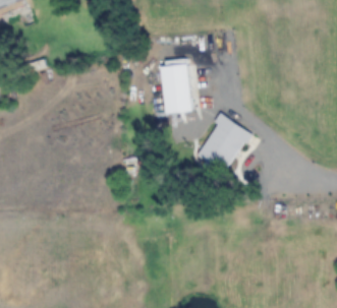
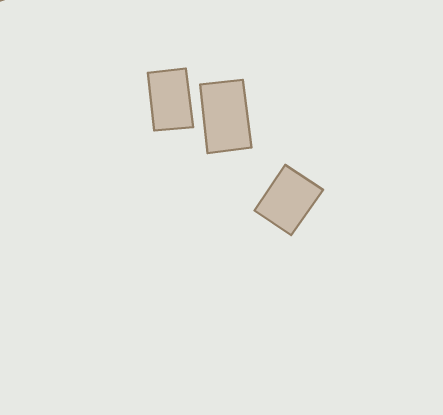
building: none -> [148,69,193,130]

